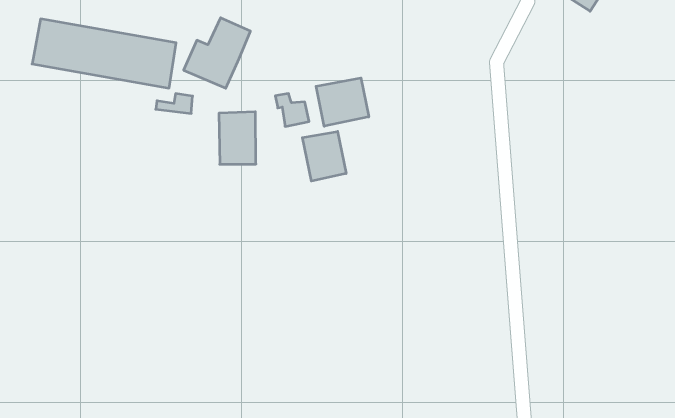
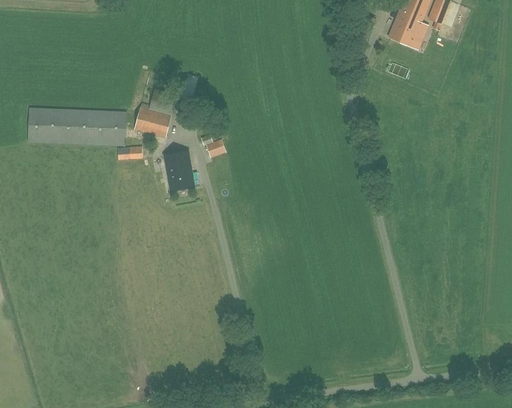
building: [316,78,369,126] -> none
building: [302,131,346,181] -> none

